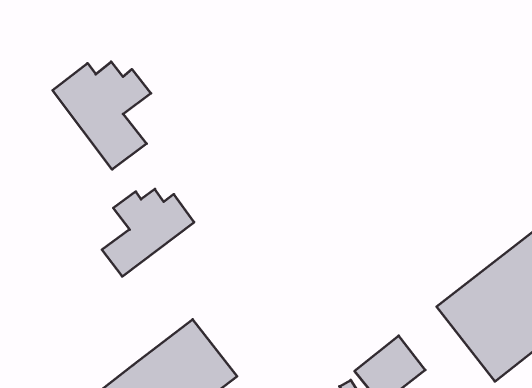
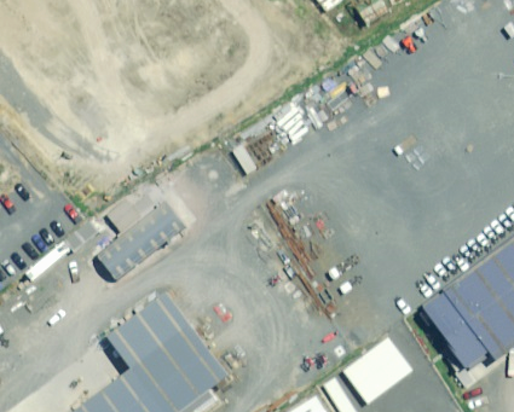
building: [53,62,151,169] -> none
building: none -> [105,290,186,365]

